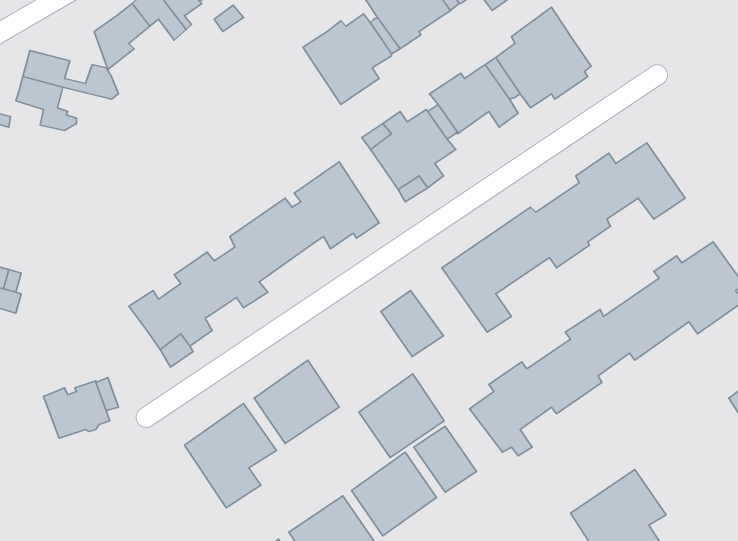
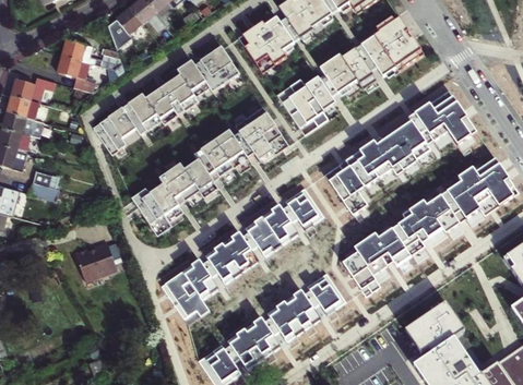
building: none -> [90,47,237,155]
building: [359,374,444,457] -> [246,204,299,256]

